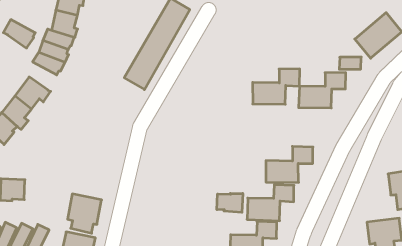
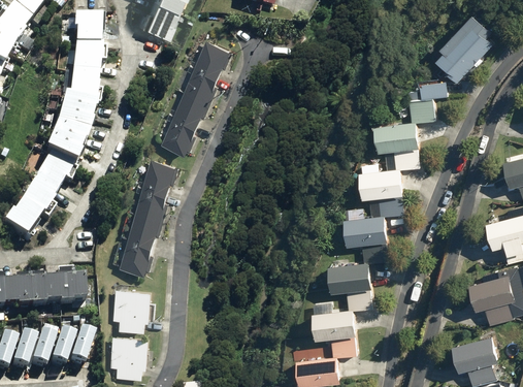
building: [3,20,35,48] -> [43,134,81,166]
building: [253,69,300,104] -> [360,151,417,199]
building: none -> [122,158,177,271]
building: none -> [58,268,85,302]
building: [217,193,243,212] -> none

